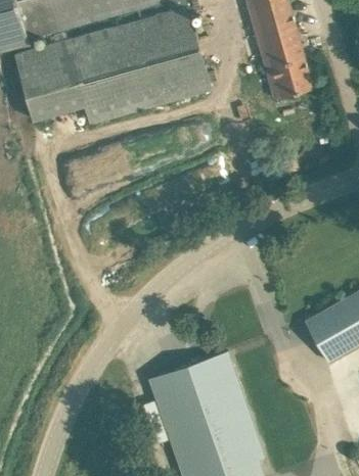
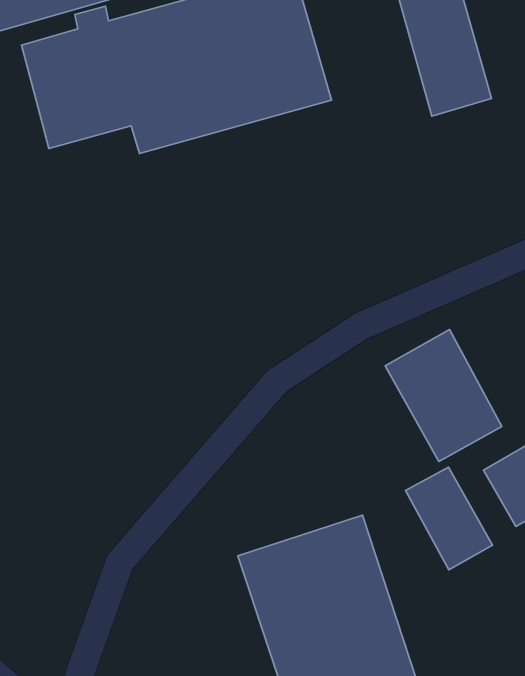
building: none -> [385,330,502,461]
building: none -> [406,467,492,570]

